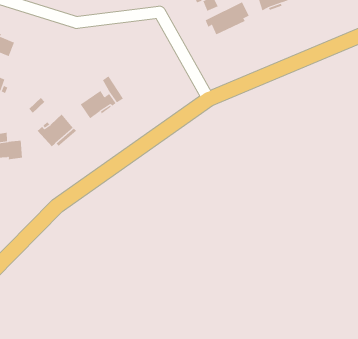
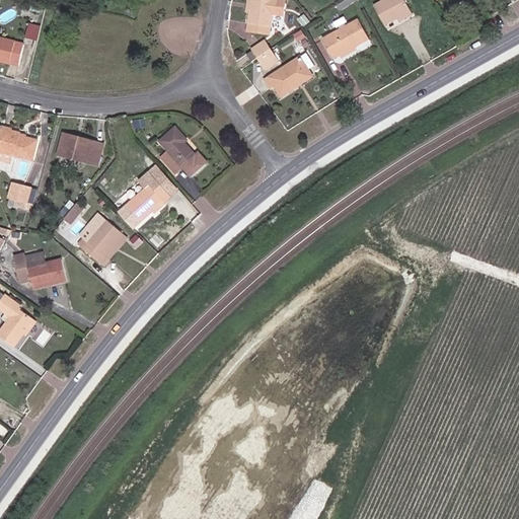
building: none -> [56,136,101,164]
building: none -> [158,129,205,178]

